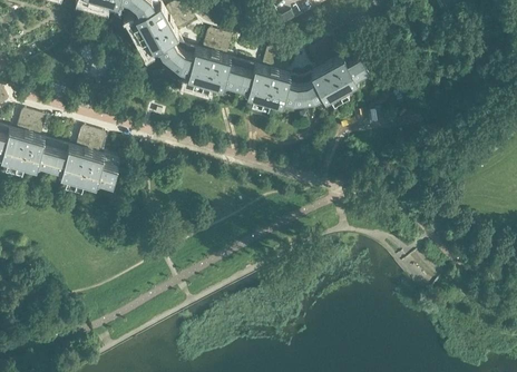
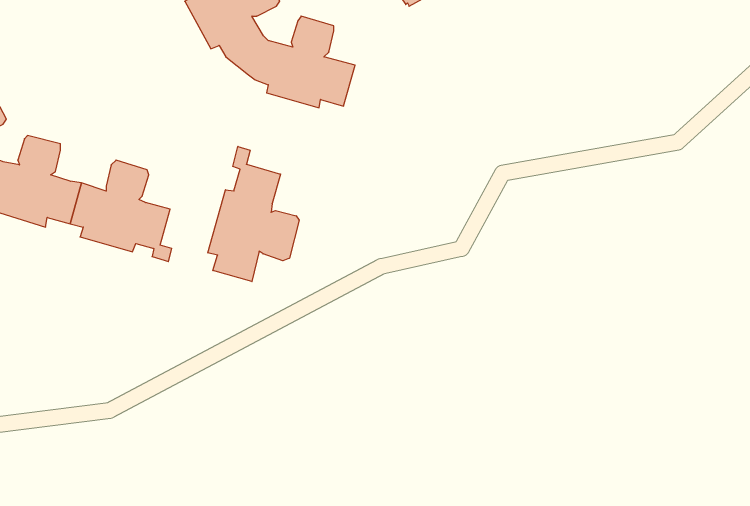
building: [235,41,369,111] -> none
building: none -> [208,146,299,282]

